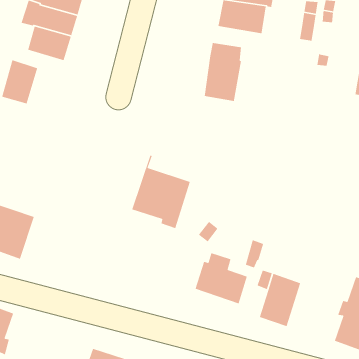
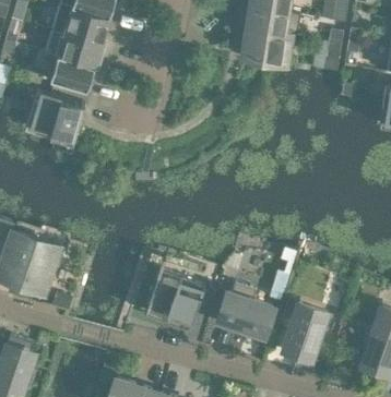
building: [204,42,242,102] -> none
building: none -> [50,98,84,142]
building: [131,154,191,229] -> [143,257,203,333]

